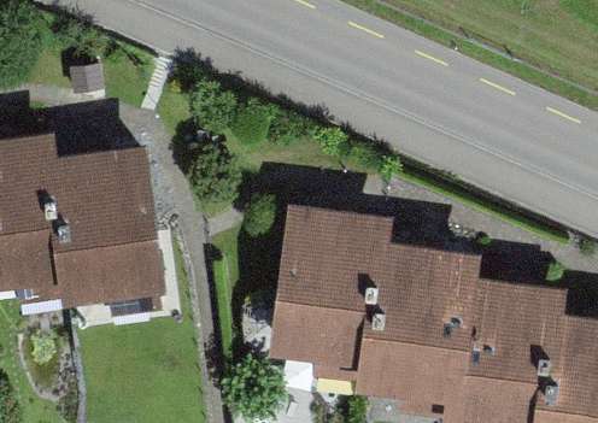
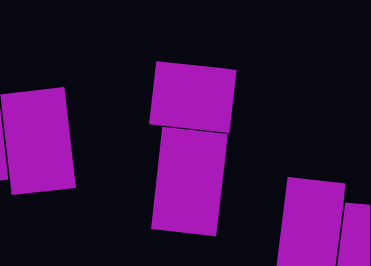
building: none -> [149,60,237,134]
building: [367,243,475,405] -> none

